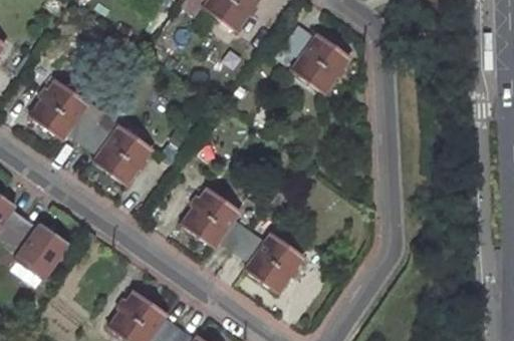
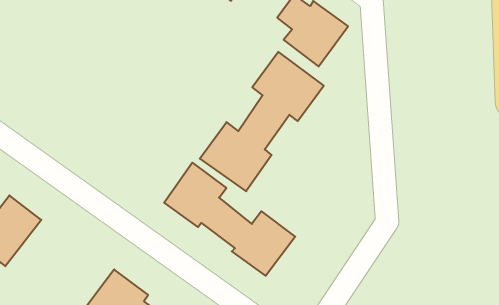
building: [34,81,158,189] -> none
building: none -> [200,52,324,191]

